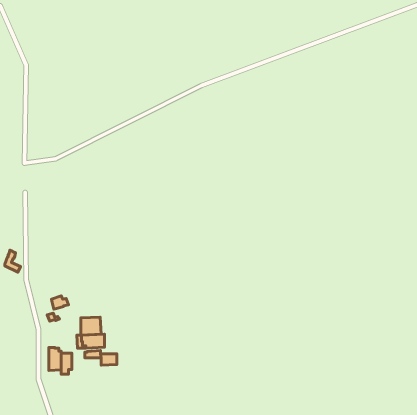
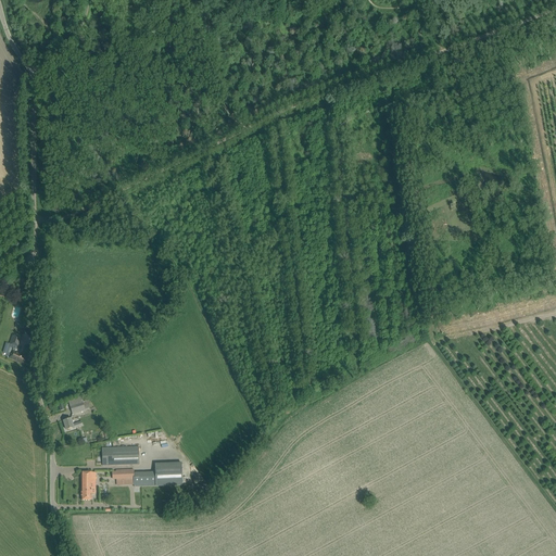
building: [81,317,101,335] -> [155,463,182,486]
building: [49,347,61,370] -> none

